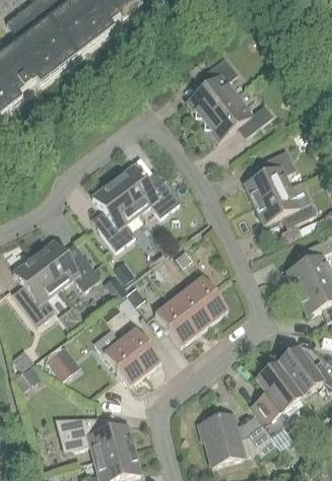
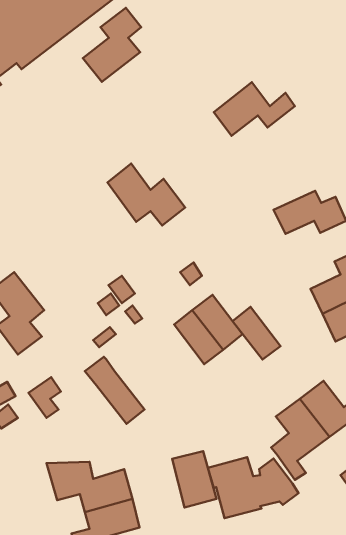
building: [187,57,237,120] -> [83,8,141,82]
building: [244,149,295,203] -> none
building: [92,180,137,250] -> none
building: [34,239,101,292] -> none
building: [154,300,195,345] -> [233,307,280,359]
building: [119,328,160,372] -> none
building: none -> [172,451,216,507]

